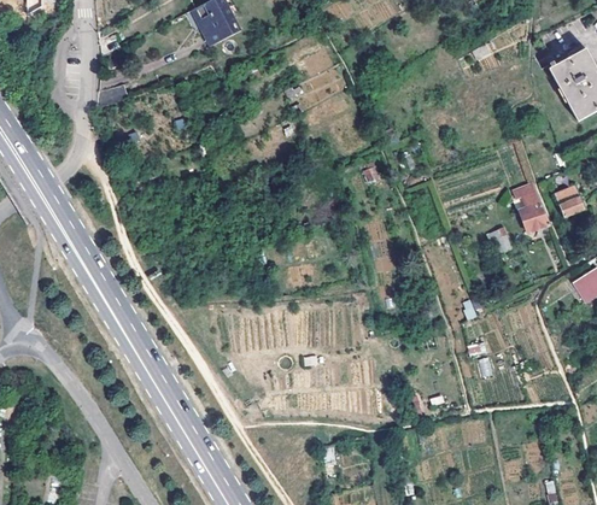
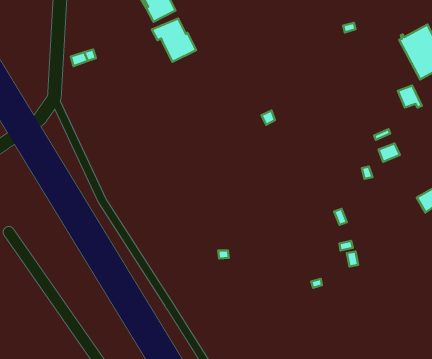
building: none -> [152,19,196,62]
building: [555,186,587,216] -> [398,85,422,108]

